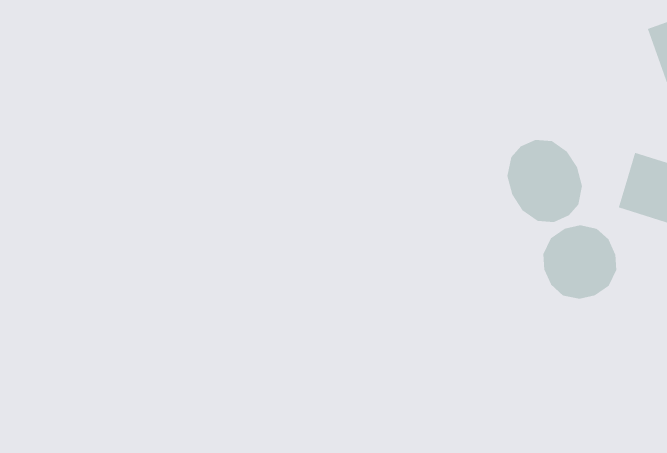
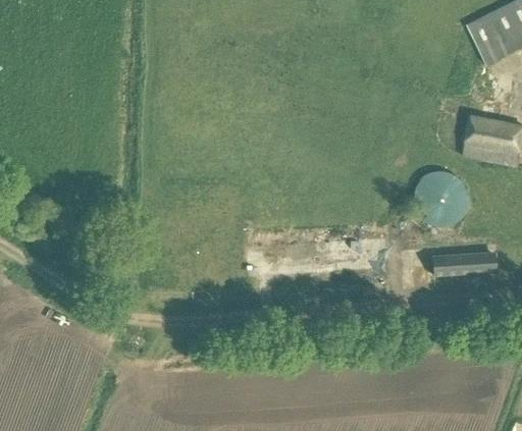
building: [507,139,583,223] -> none
building: none -> [430,252,494,277]

